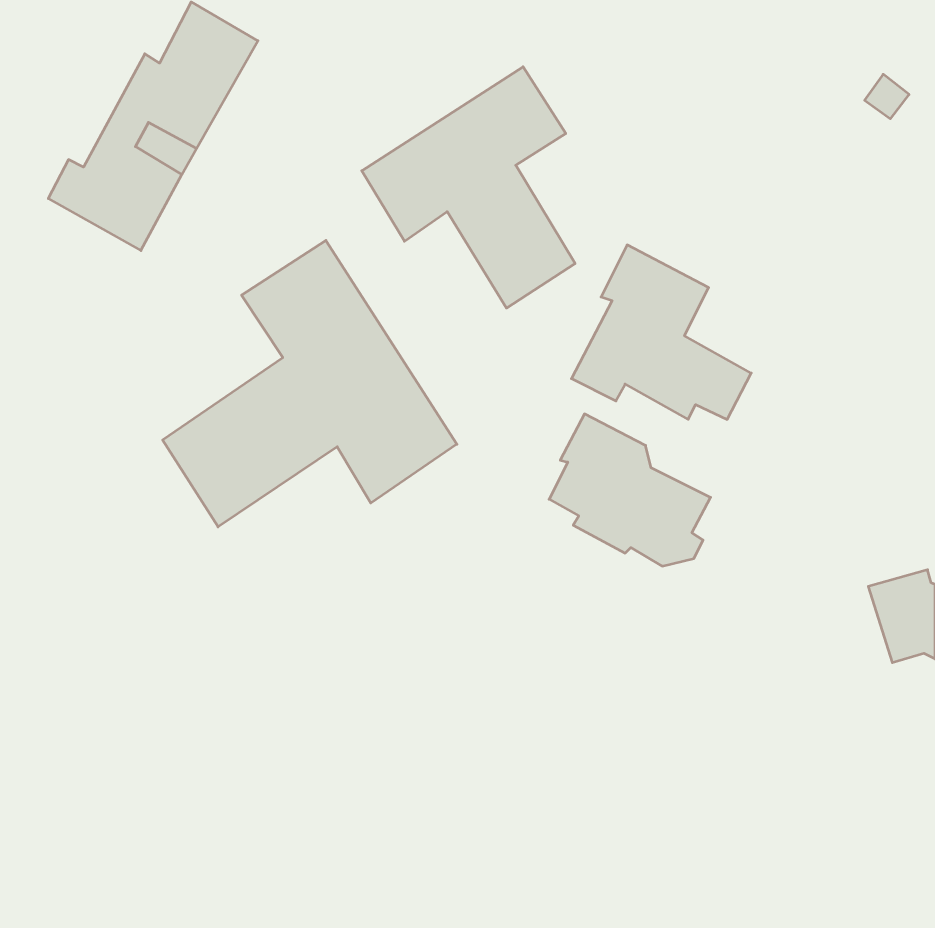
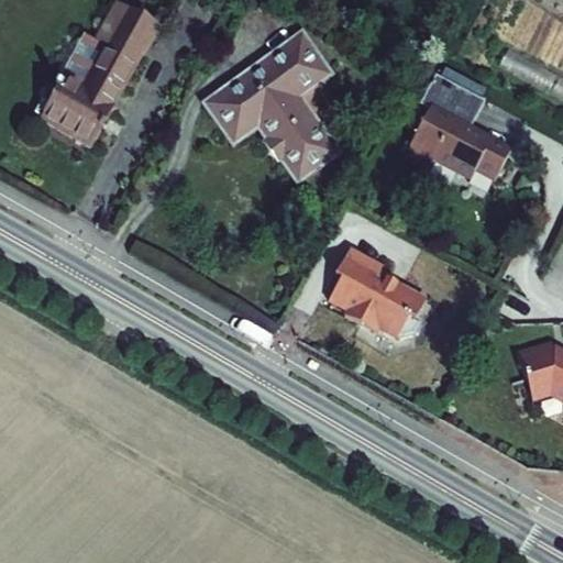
building: [163,240,457,527] -> none
building: [571,245,751,419] -> [408,71,515,175]

